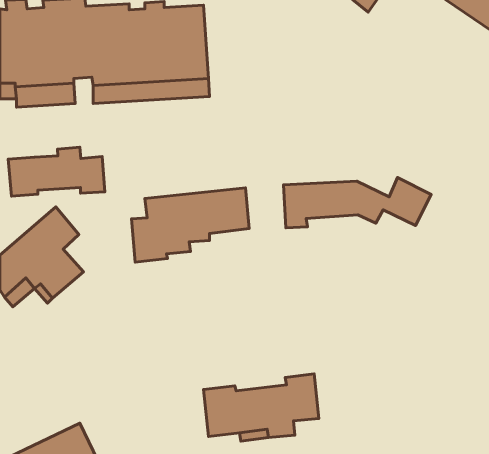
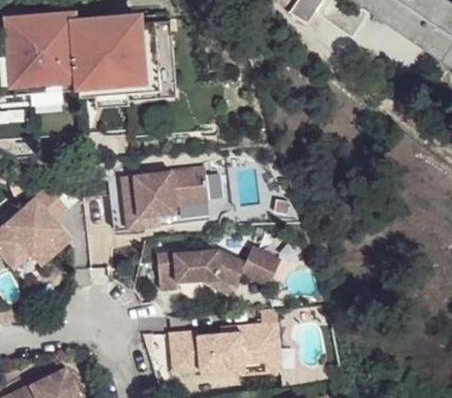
building: [8,147,105,196] -> none
building: [283,178,431,228] -> [156,247,279,289]
building: none -> [245,322,283,375]

